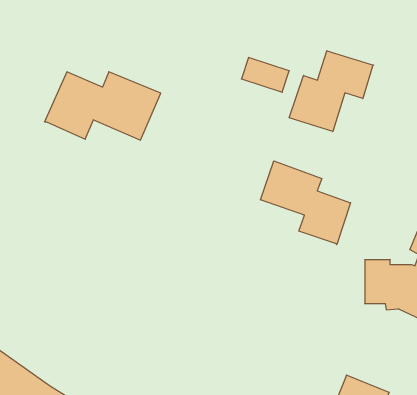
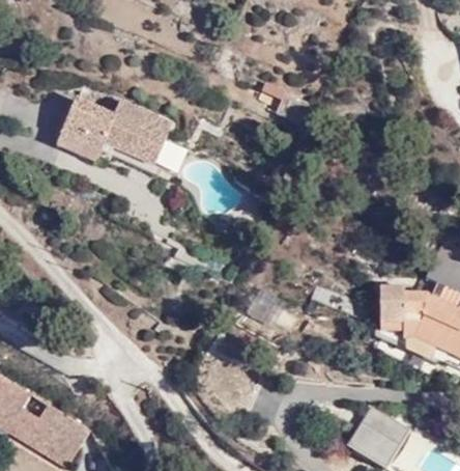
building: [289,51,374,132] -> none
building: [261,161,351,245] -> none

